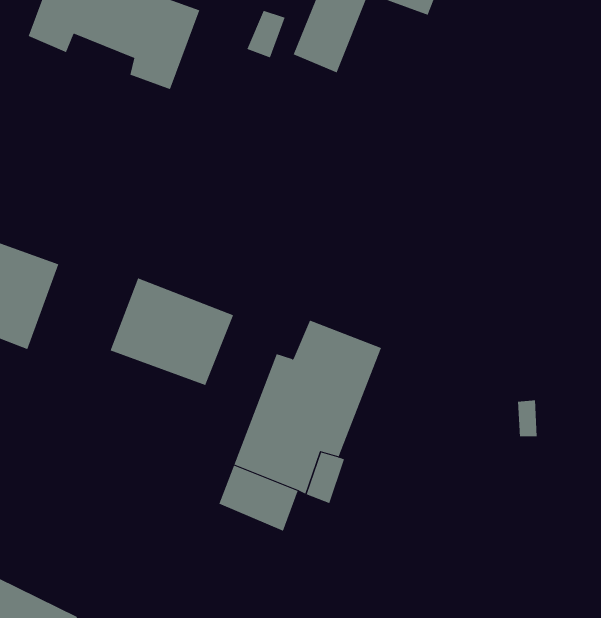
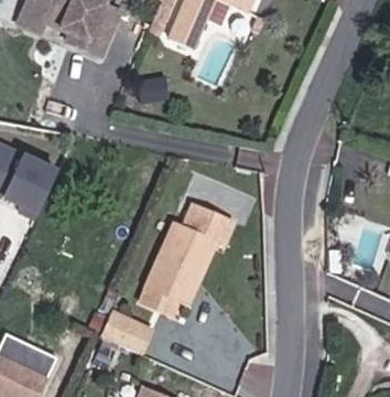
building: [110,278,234,386] -> none
building: none -> [95,312,140,351]

